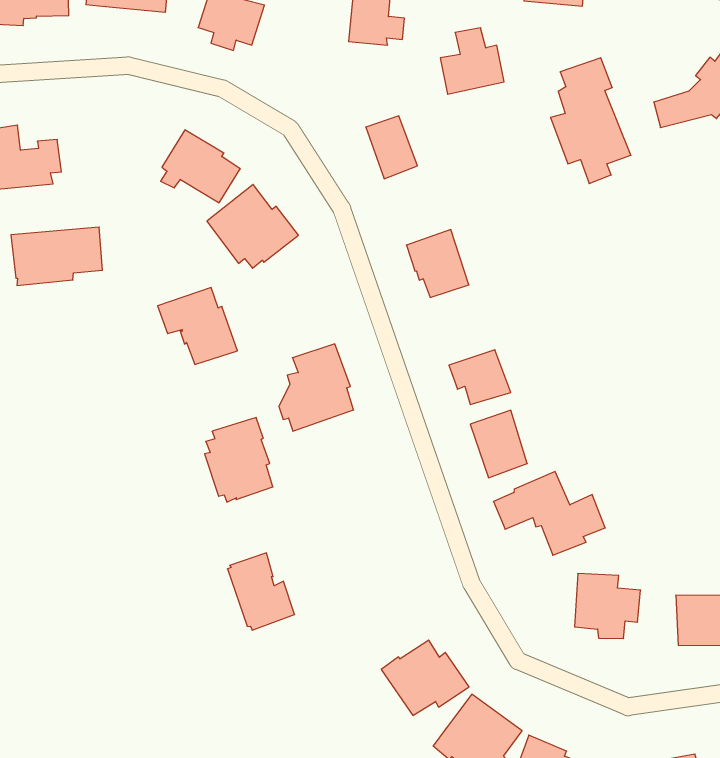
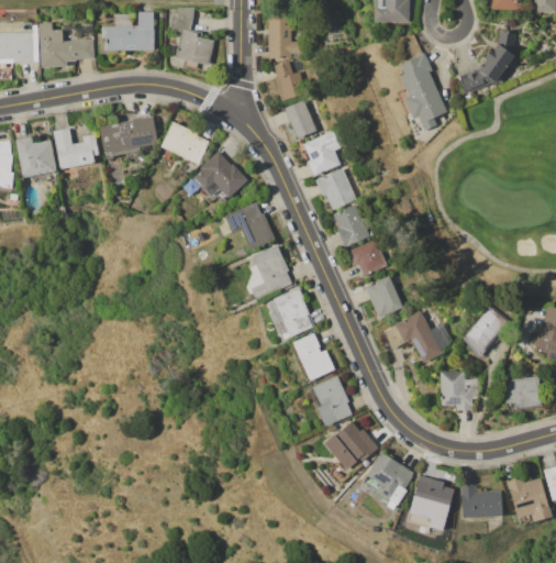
building: [440,28,504,94] -> [266,60,307,103]
building: none -> [303,133,341,176]
building: [11,227,102,285] -> [99,117,157,157]
building: [158,288,237,365] -> [224,201,276,250]
building: none -> [334,203,370,246]
building: [205,418,273,502] -> [268,285,312,339]
building: none -> [465,307,507,351]
building: [227,553,295,630] -> [291,332,335,380]
building: none -> [312,375,353,427]

